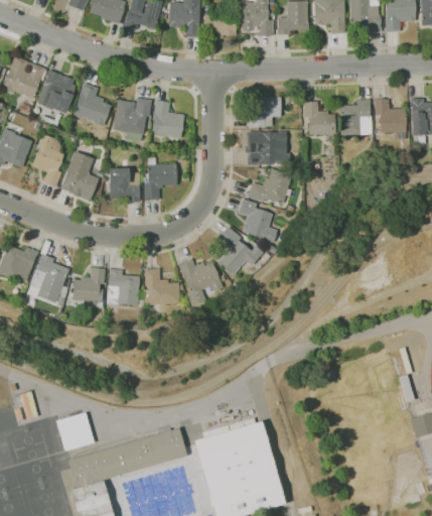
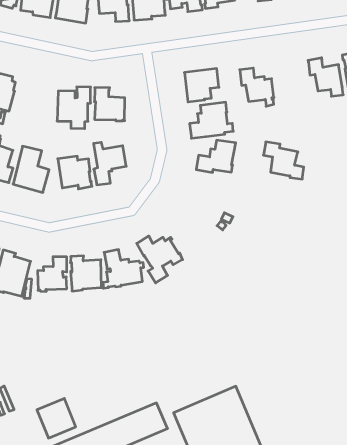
building: [74,83,111,126] -> none
building: [339,99,372,135] -> none
building: [238,200,277,242] -> [263,142,304,179]
building: [219,227,263,274] -> none

